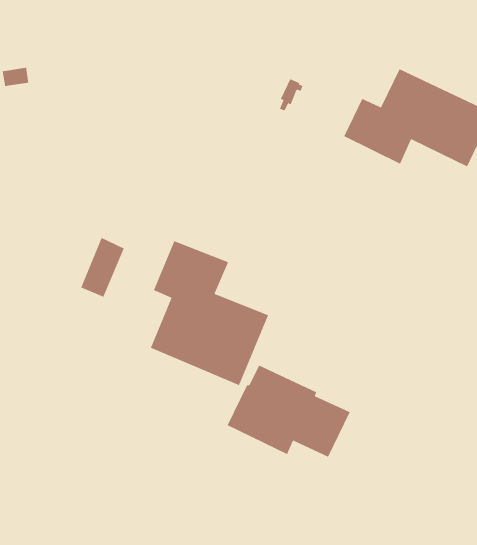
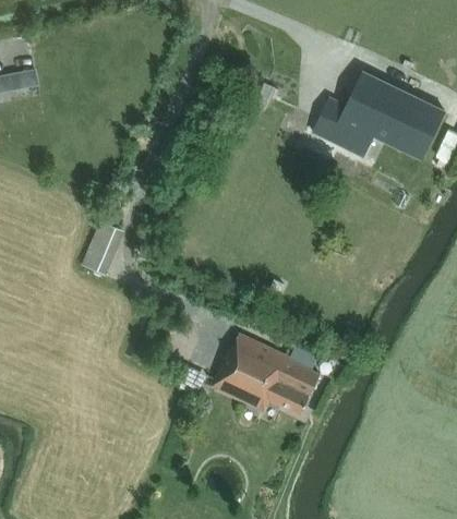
building: [150,240,269,386] -> none

